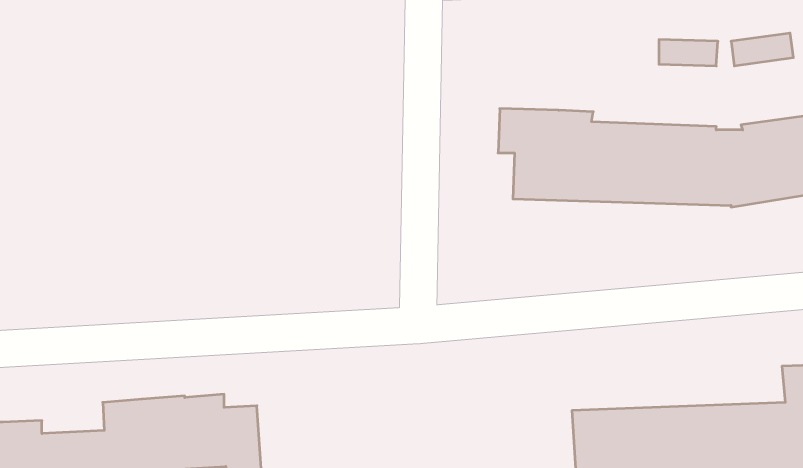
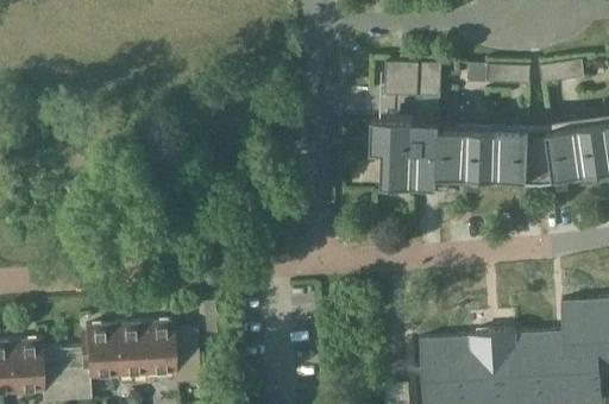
building: none -> [384,61,440,95]

